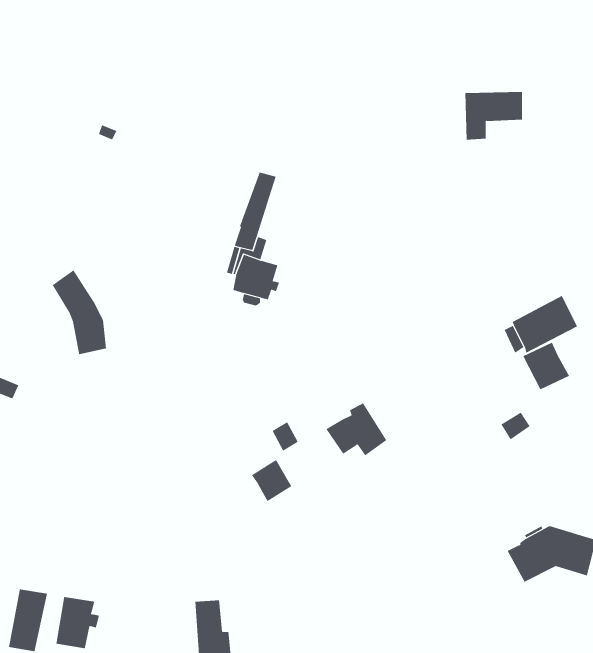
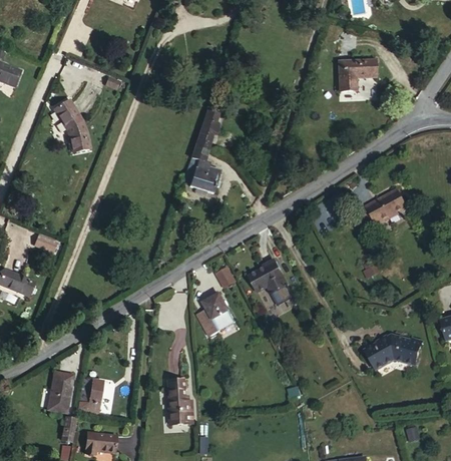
building: [52,270,107,355] -> [54,101,89,155]
building: [523,342,570,390] -> none
building: none -> [196,308,235,335]

